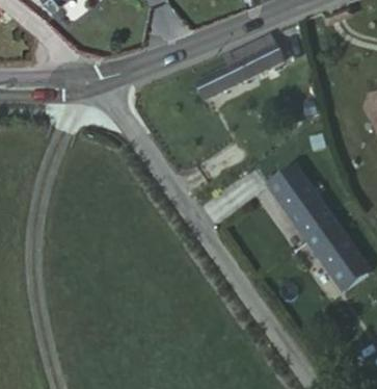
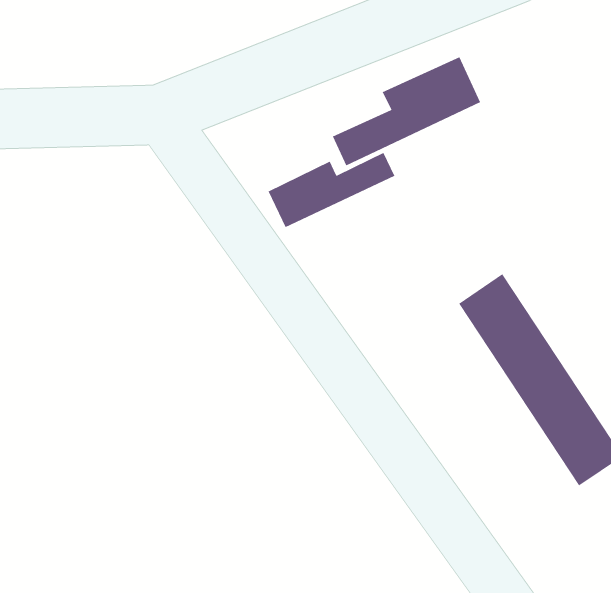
building: none -> [267,152,396,228]

